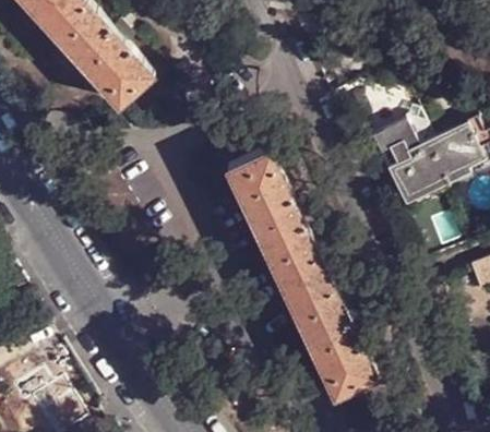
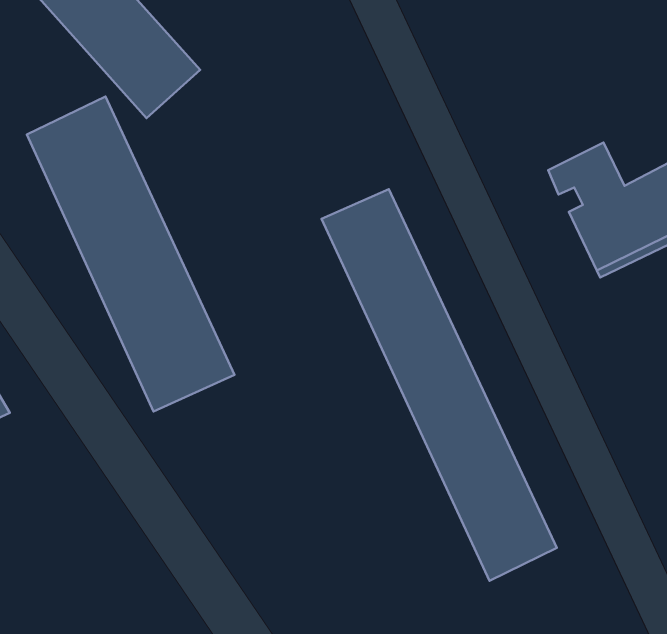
building: none -> [27,97,235,411]

